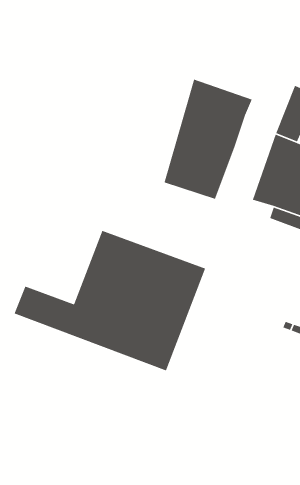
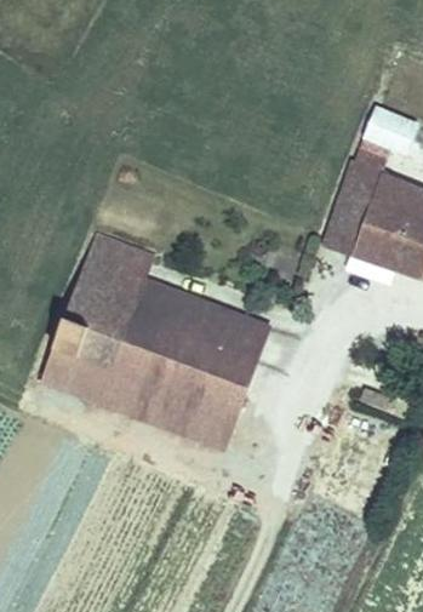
building: [164,78,253,200] -> none
building: none -> [55,233,155,367]

